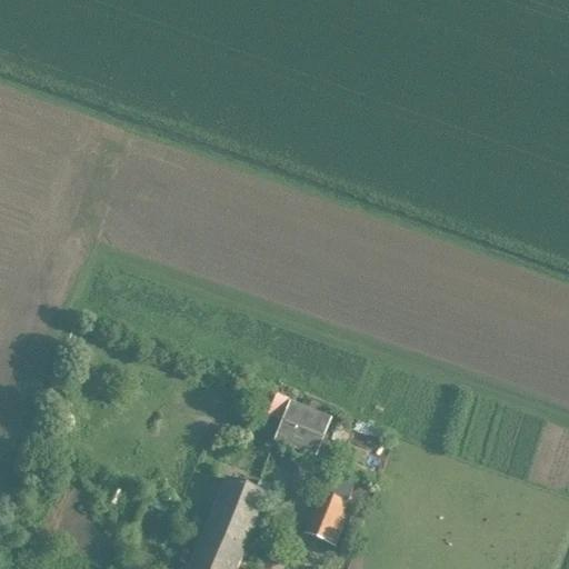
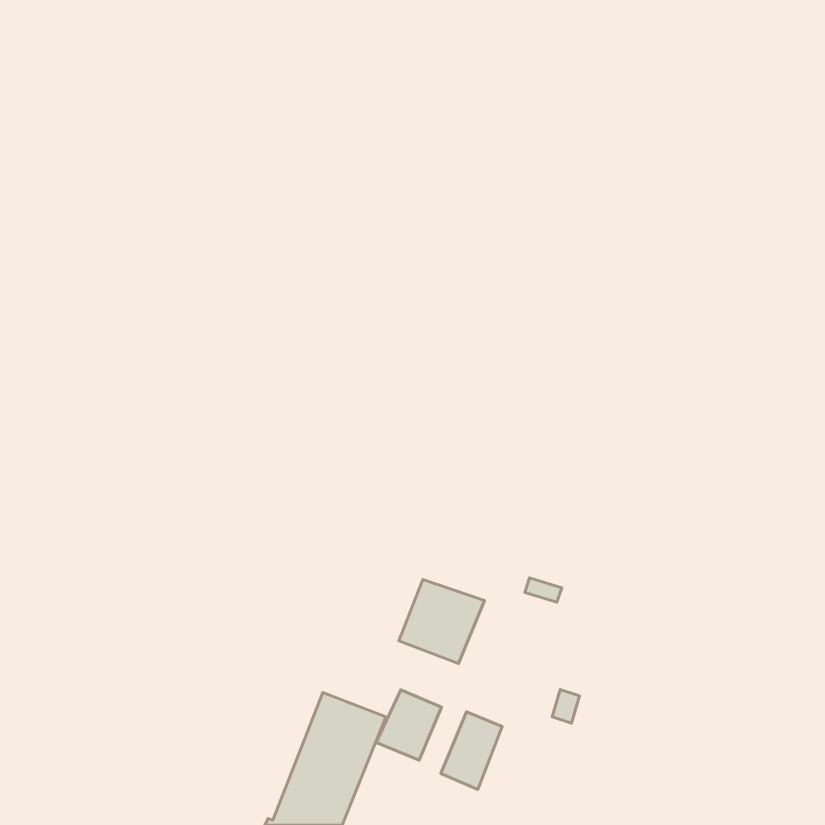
building: none -> [376,690,441,760]

